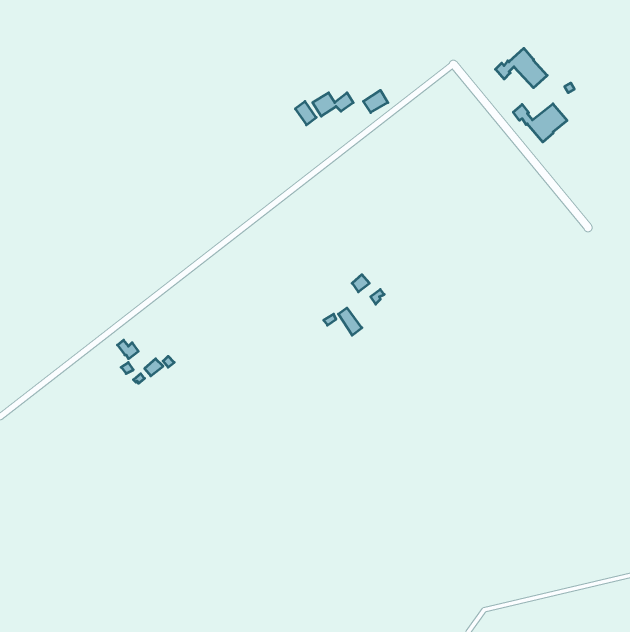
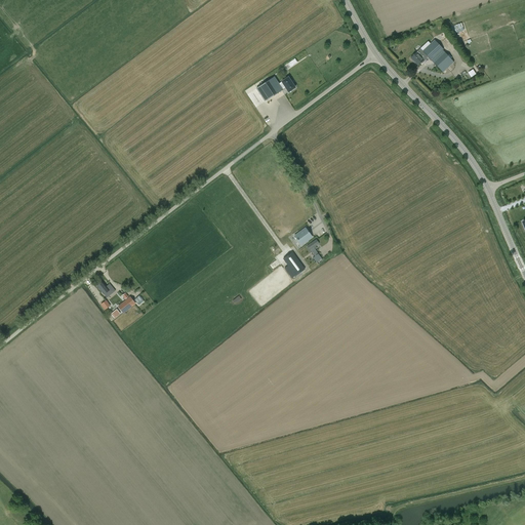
building: [513,104,567,142] -> none

